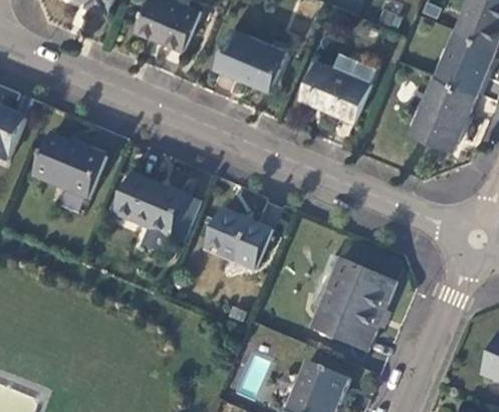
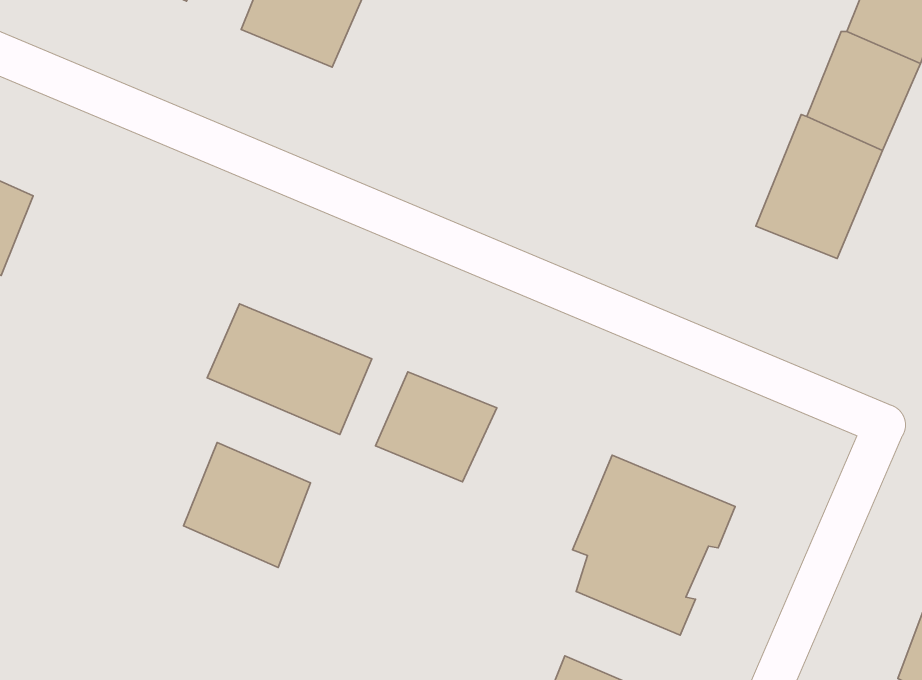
building: [214,28,285,90] -> none
building: [298,50,378,121] -> none
building: [33,136,106,198] -> none
building: none -> [183,443,311,568]

